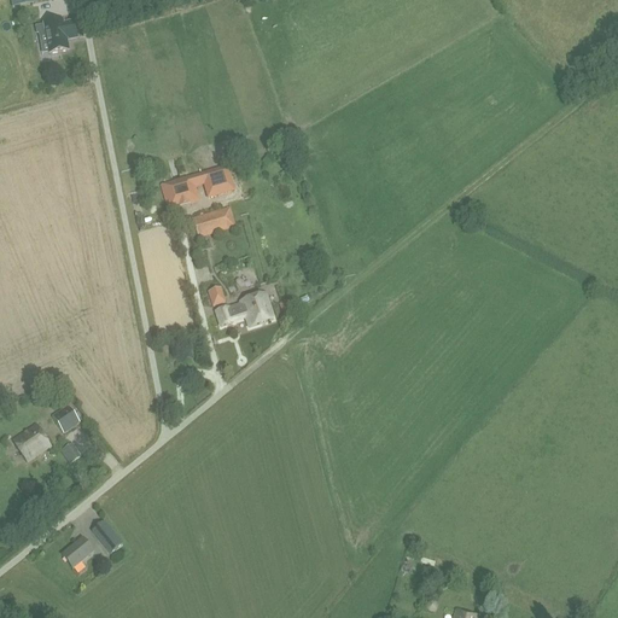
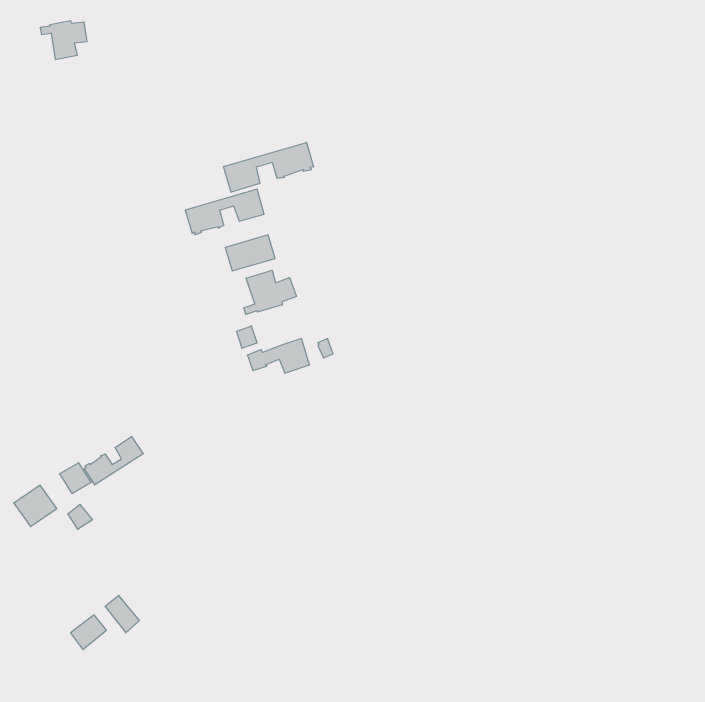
building: none -> [223,142,314,192]
building: none -> [244,270,296,315]
building: none -> [84,436,143,485]

